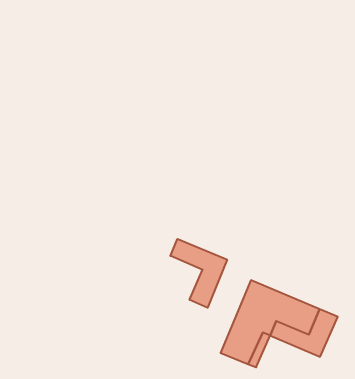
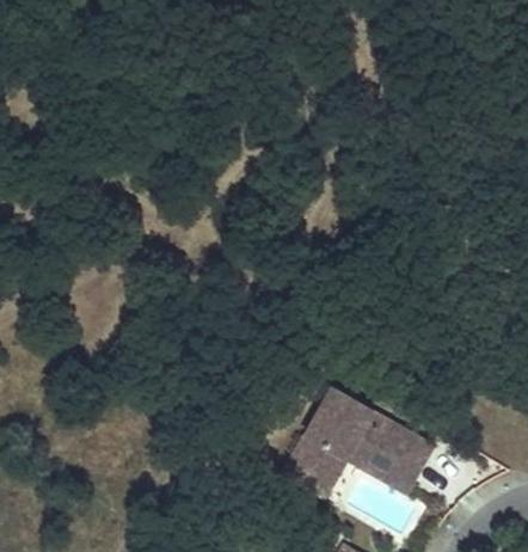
building: [170,239,227,308] -> none

